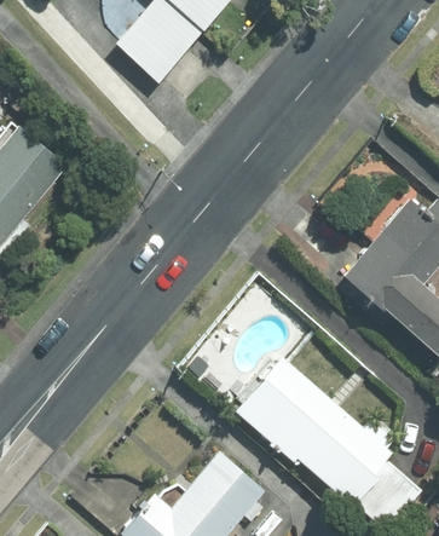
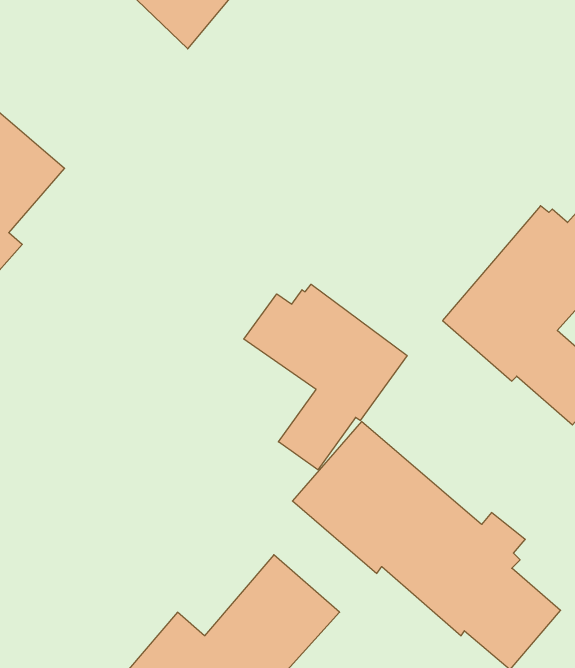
building: none -> [244,284,407,470]

